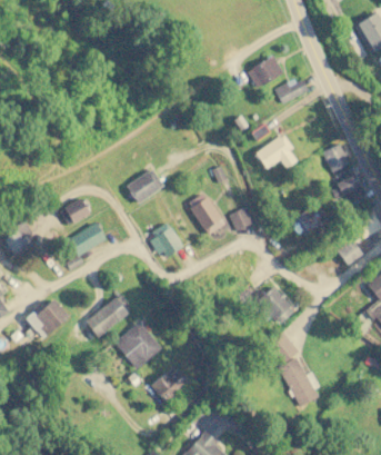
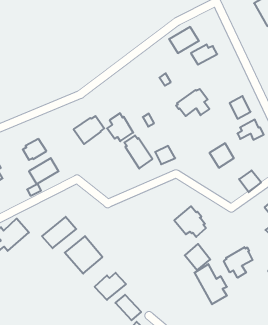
building: [150,222,183,258] -> [107,113,133,141]
building: none -> [224,247,253,278]
building: none -> [115,295,141,320]

